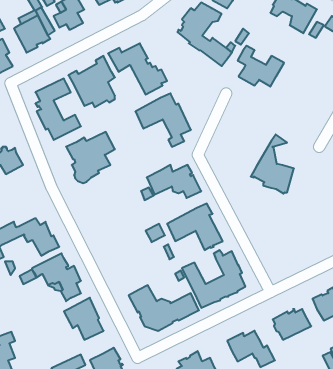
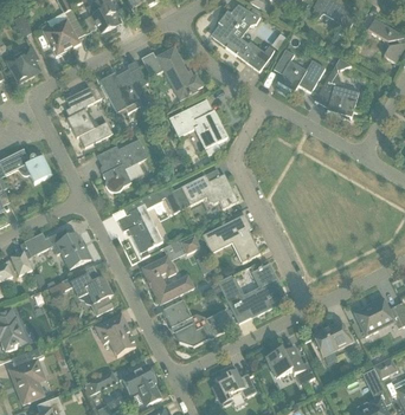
building: [251,134,294,194] -> [313,56,358,117]
building: none -> [116,190,161,252]
building: none -> [141,254,193,303]

